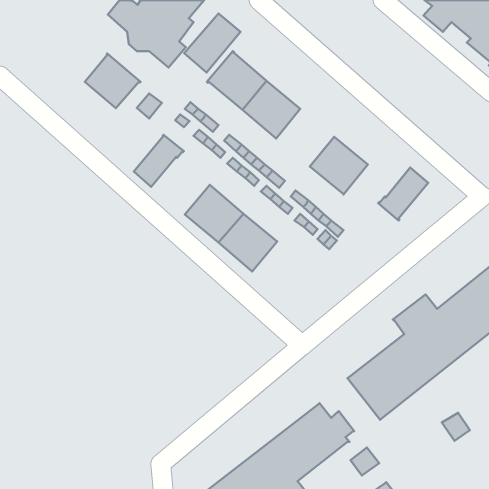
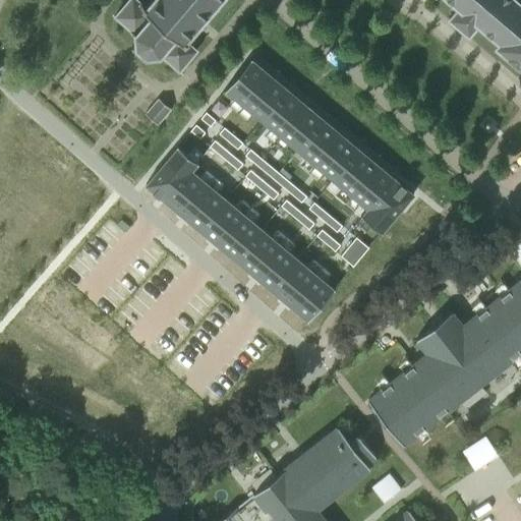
building: [184,13,241,72] -> none
building: [85,54,141,108] -> none
building: none -> [295,118,356,179]
building: none -> [163,169,225,230]
building: [378,167,428,220] -> [358,177,411,233]
building: none -> [270,258,333,321]

